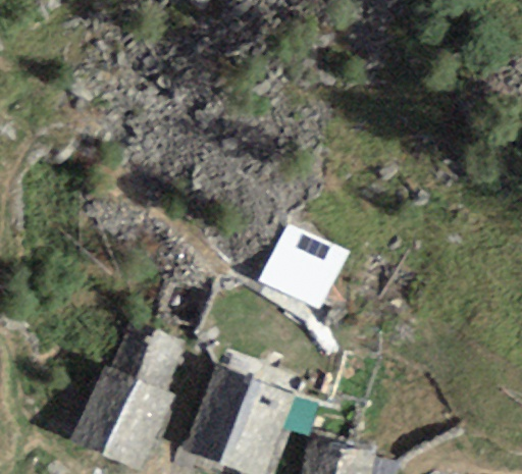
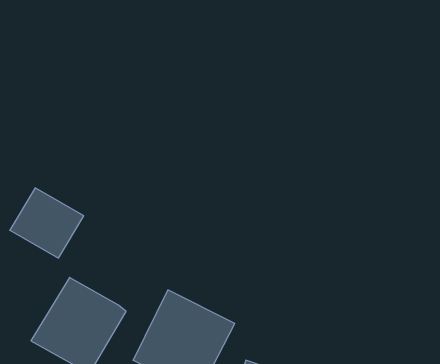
building: [259,224,348,310] -> none
building: [109,320,188,393] -> [10,188,84,258]

